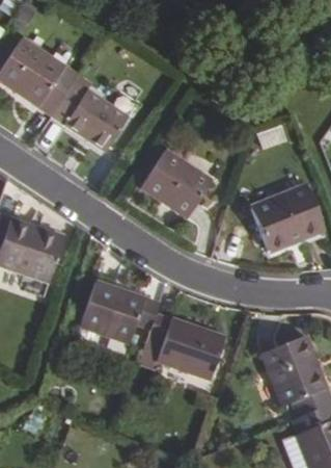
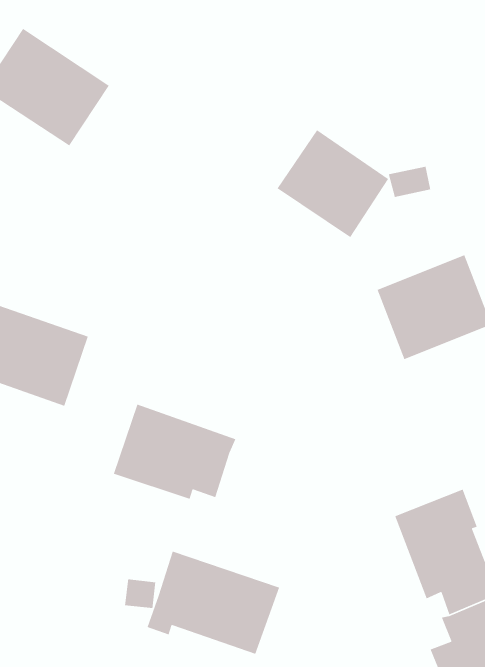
building: [52,74,128,150] -> none
building: [140,148,213,218] -> [277,129,389,238]
building: [139,312,225,380] -> [147,550,280,655]

